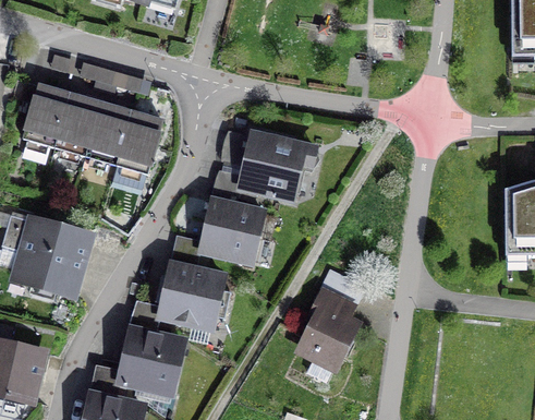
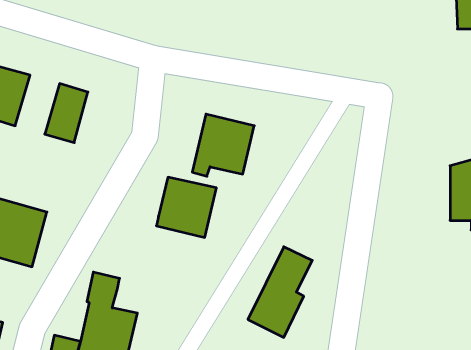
building: [56,95,101,156] -> none
building: [117,112,166,175] -> none
building: [161,235,231,327] -> none

